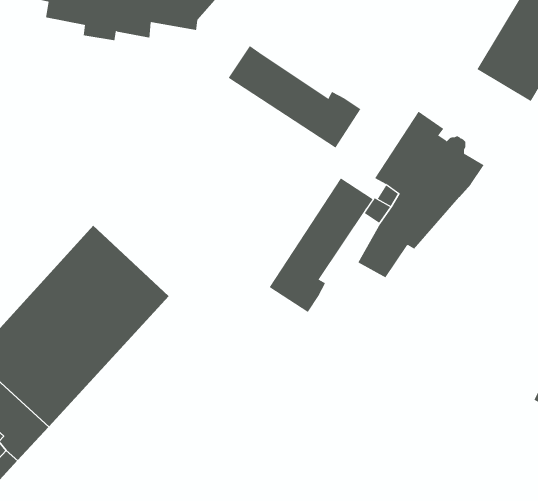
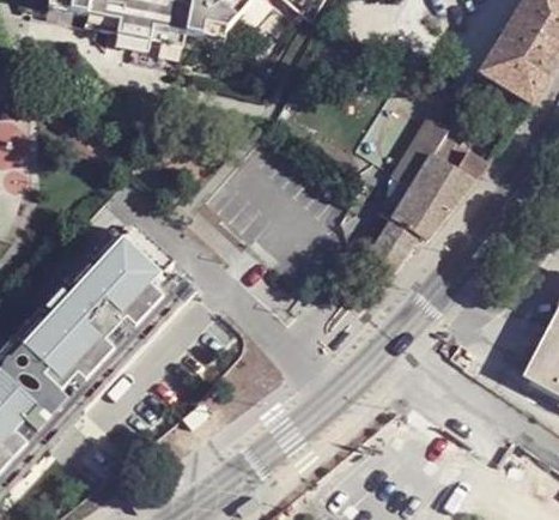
building: [228,45,361,148] -> none
building: [269,177,373,313] -> none

